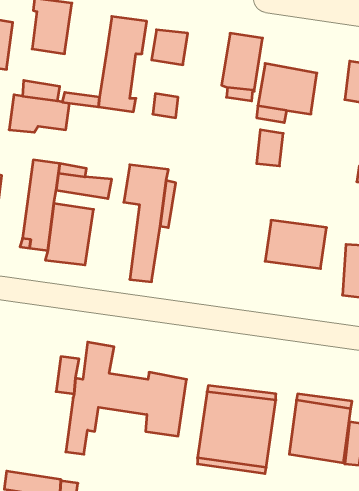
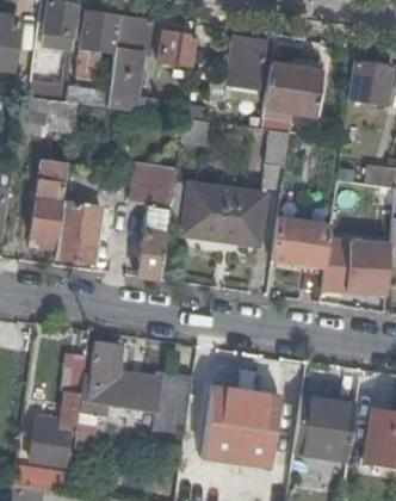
building: none -> [76,12,119,80]
building: none -> [181,183,267,242]
building: none -> [30,392,81,465]

